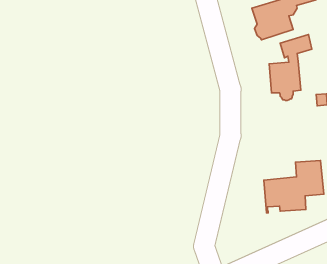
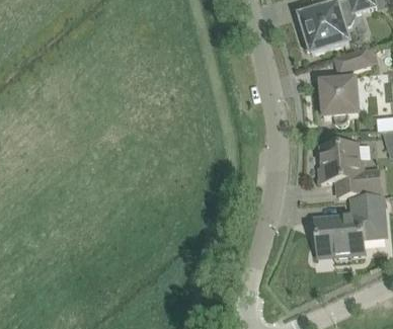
building: none -> [320,142,380,193]

